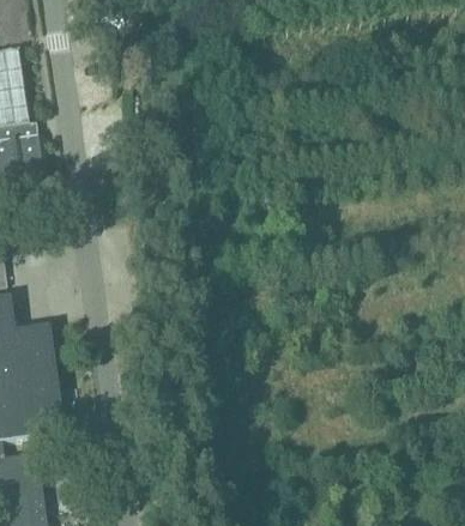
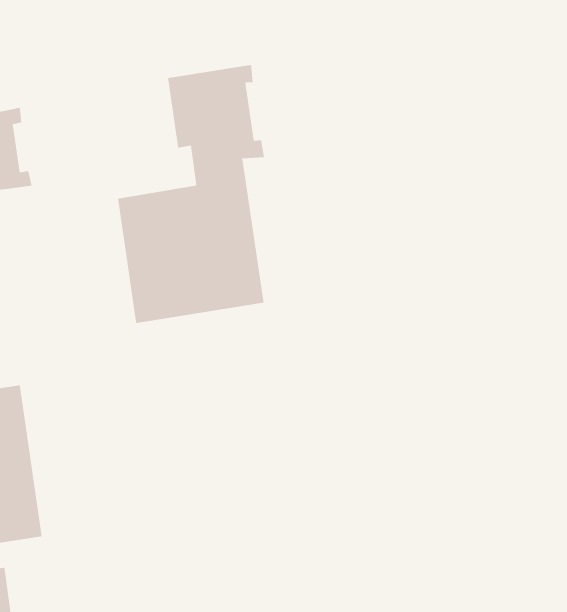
building: none -> [118,64,265,324]

